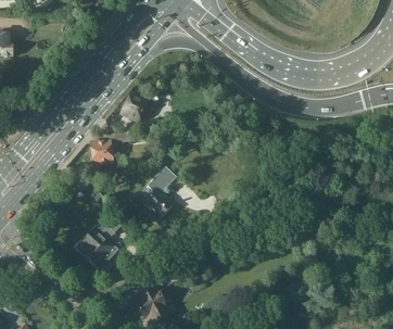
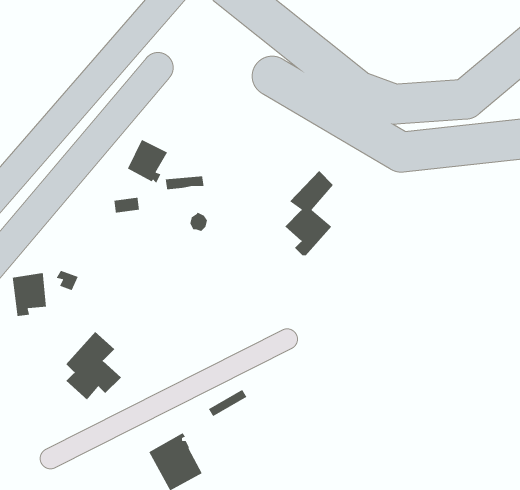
building: [91,139,114,168] -> [12,272,47,317]
building: [143,165,176,222] -> [284,170,334,256]

